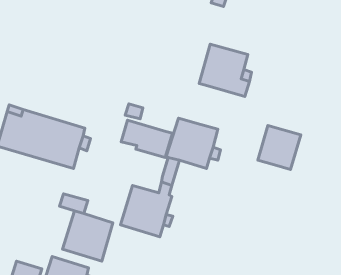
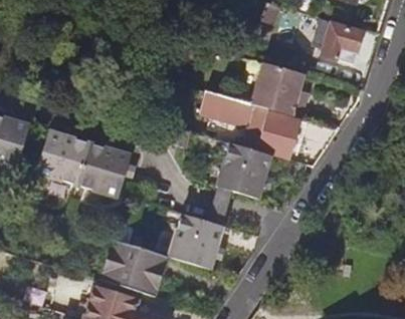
building: none -> [322,22,364,61]
building: [121,120,173,158] -> [203,92,258,132]
building: [258,126,301,170] -> [253,111,299,158]

